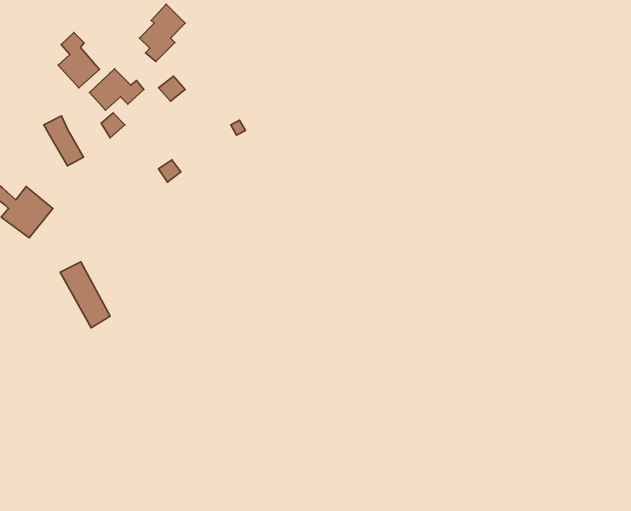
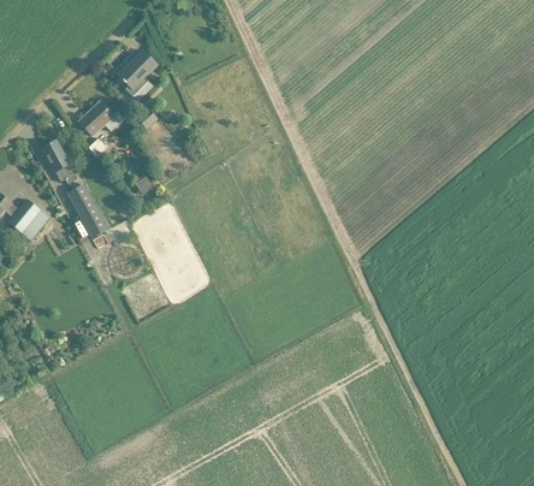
building: [58,32,99,88] -> none
building: [60,262,110,328] -> [66,183,107,237]

